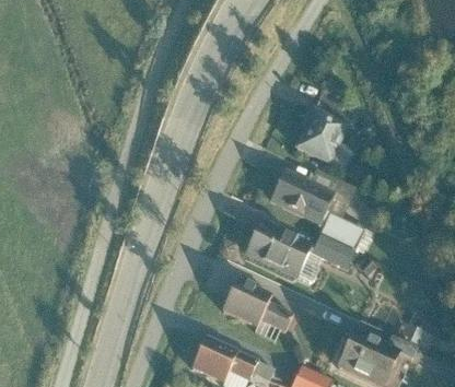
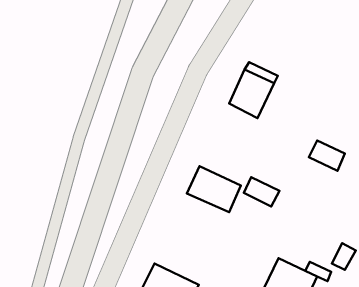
building: [267,169,331,224] -> none
building: [319,214,362,250] -> [309,141,345,171]
building: [220,279,293,332] -> none

